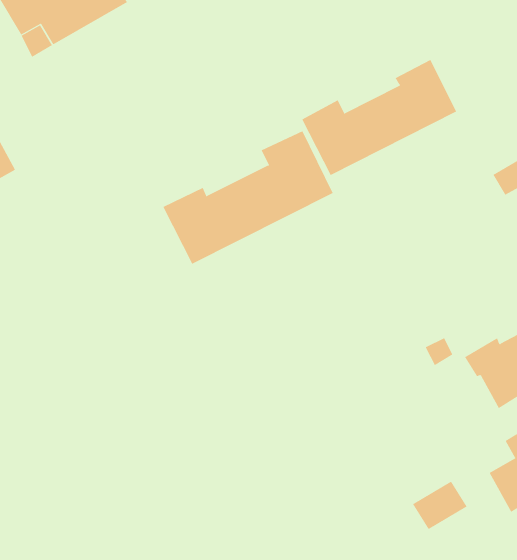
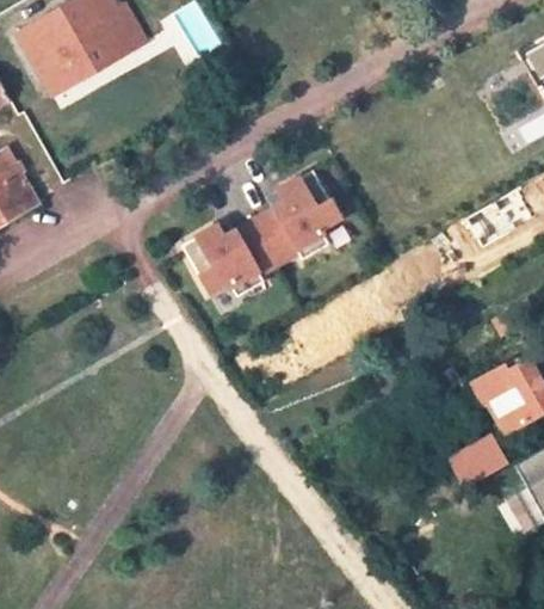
building: [301,59,457,176] -> none
building: [412,481,468,530] -> [451,438,505,486]

